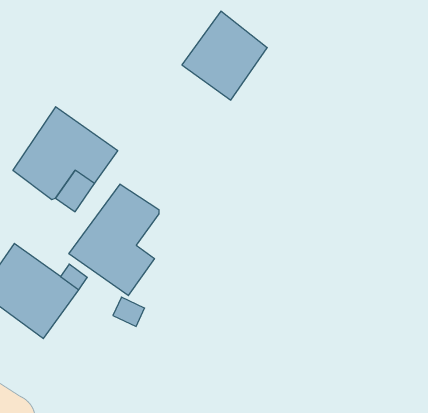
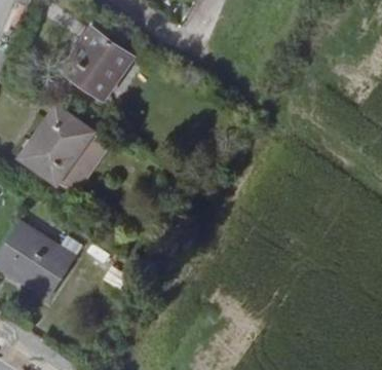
building: [182,11,267,100] -> [62,24,133,99]
building: [69,184,159,296] -> none

